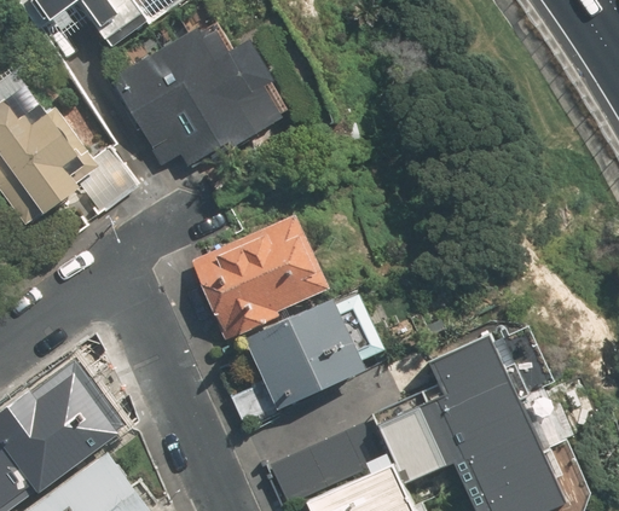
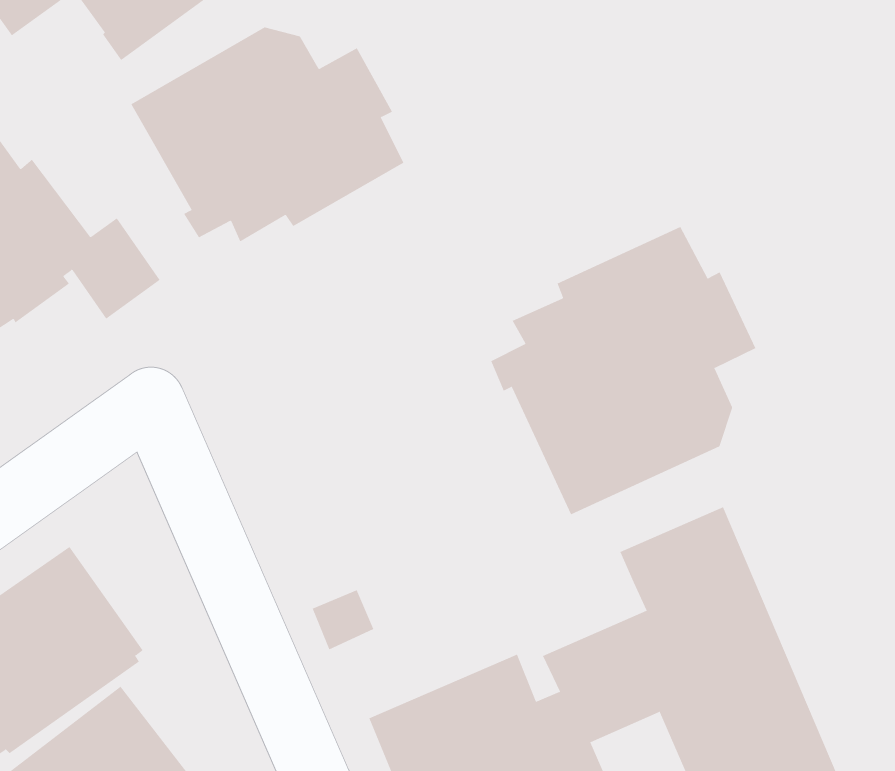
building: none -> [490,226,756,515]
building: [187,216,328,339] -> none
building: [244,297,383,410] -> none

